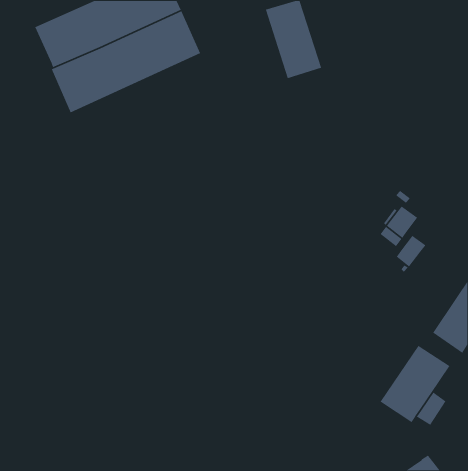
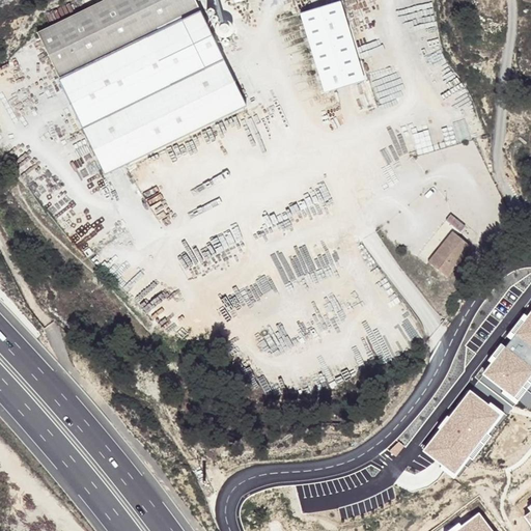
building: none -> [80,60,248,175]
building: [396,235,427,268] -> none
building: [416,392,447,426] -> none

